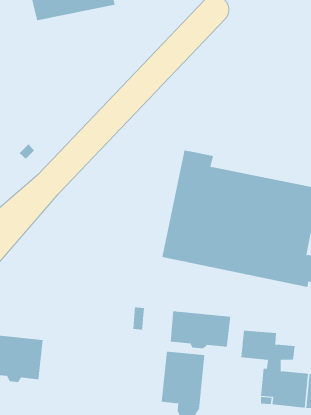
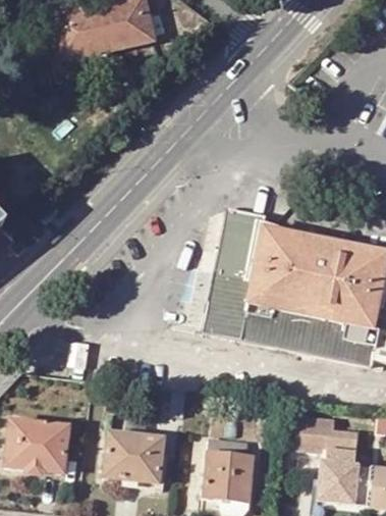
building: [170,311,231,349] -> none
building: none -> [104,431,162,483]

